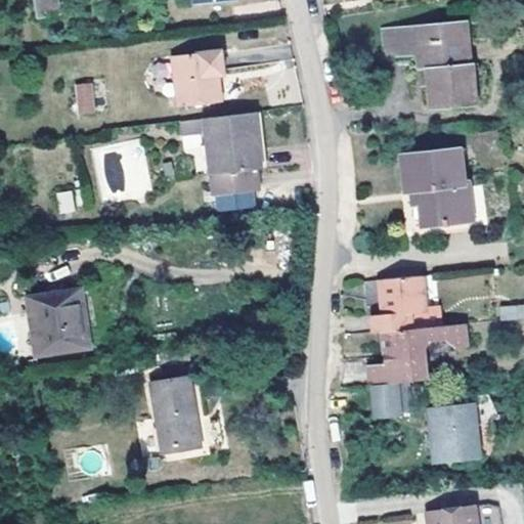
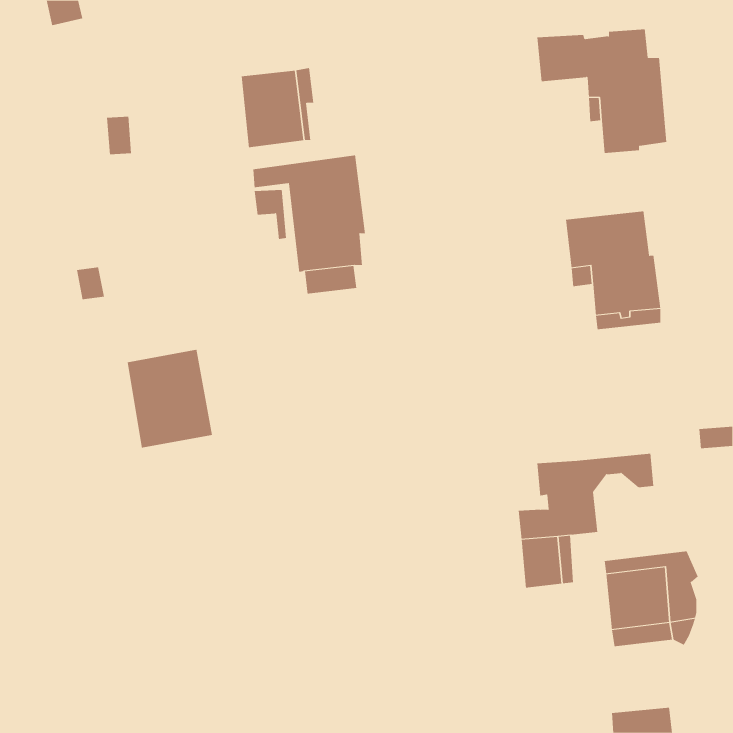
building: [372,275,426,332] -> none
building: [27,285,88,355] -> [127,349,213,448]
building: [150,378,200,451] -> none

